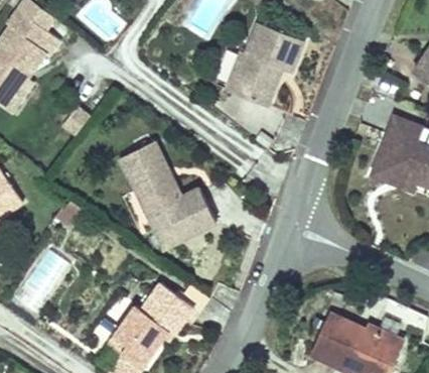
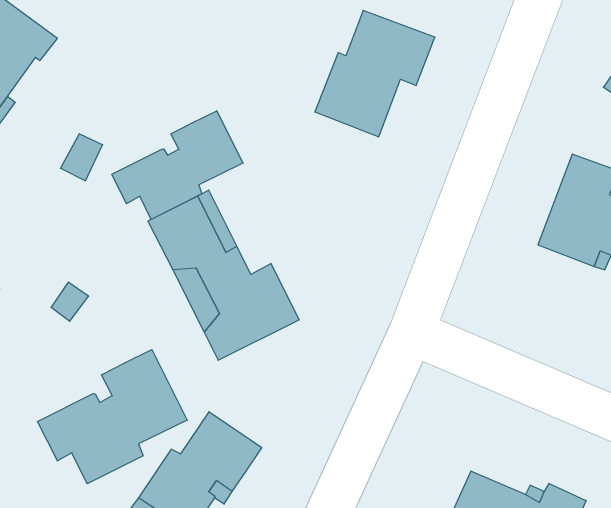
building: none -> [112,111,243,219]
building: none -> [38,350,187,484]

